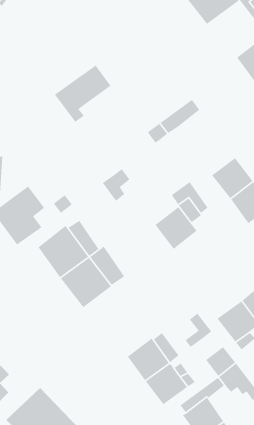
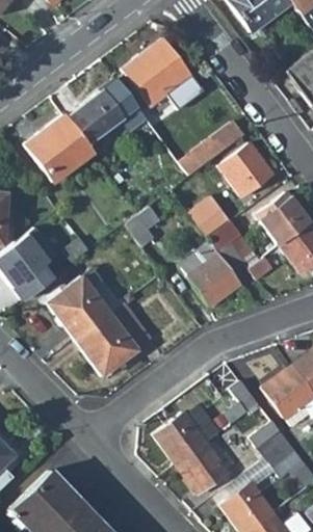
building: none -> [124,39,204,108]
building: none -> [26,113,94,182]
building: none -> [223,145,273,196]
building: none -> [188,195,232,239]

